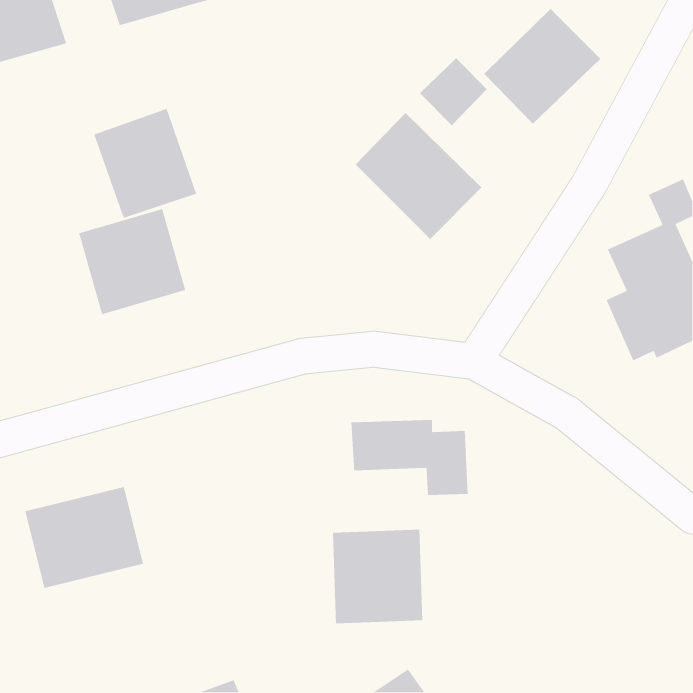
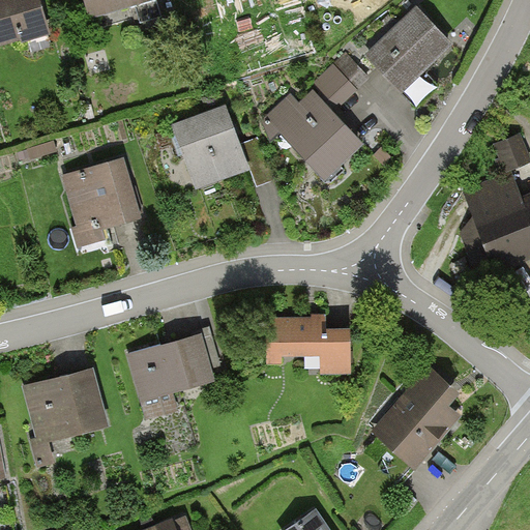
building: [93,108,197,219] -> [171,106,249,189]
building: none -> [125,333,214,404]
building: none -> [370,362,473,468]
building: [332,529,423,624] -> none

